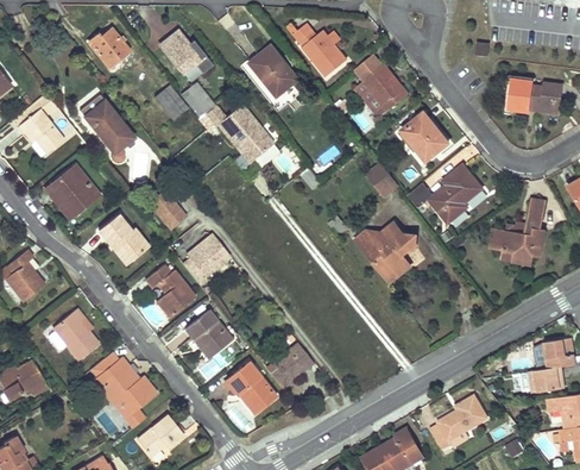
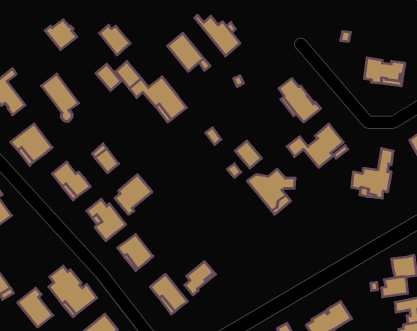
building: [355,64,408,115] -> none
building: [365,162,399,198] -> [235,141,261,168]
building: [52,308,99,359] -> [18,288,53,327]

